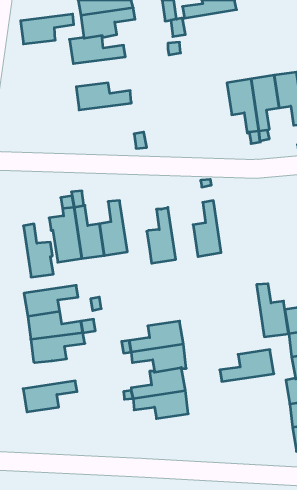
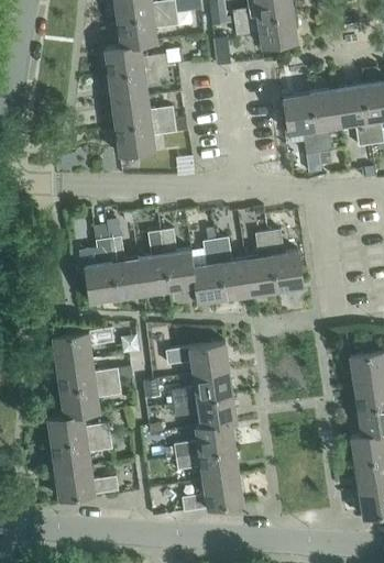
building: none -> [234,14,298,47]
building: [21,14,74,44] -> [108,68,168,102]
building: none -> [114,121,176,155]
building: none -> [216,239,250,299]
building: [23,224,53,277] -> [161,230,195,290]
building: [257,284,288,337] -> [267,231,304,291]
building: none -> [166,342,229,375]
building: [220,350,274,381] -> [182,475,243,511]
building: none -> [46,415,110,446]
building: none -> [55,467,118,499]

